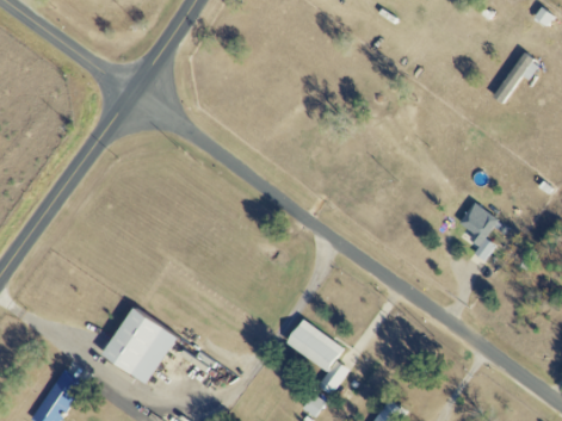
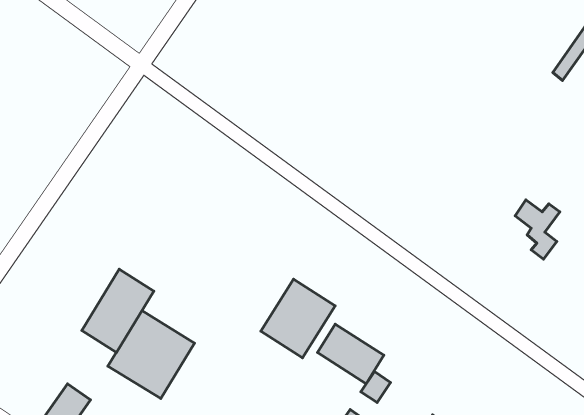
building: none -> [82,269,154,352]
building: none -> [261,279,335,358]

